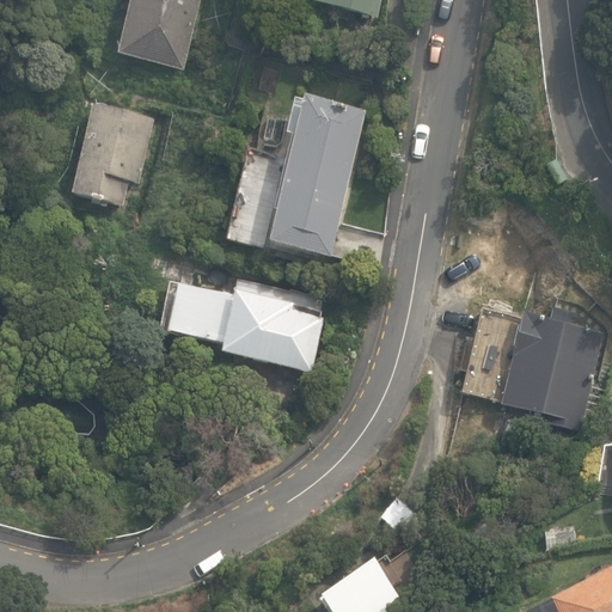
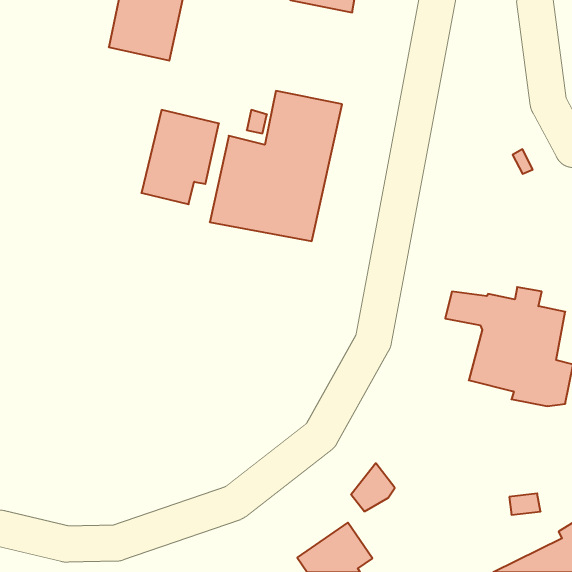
building: [71,102,153,202] -> [141,110,219,204]
building: [167,281,326,374] -> none

